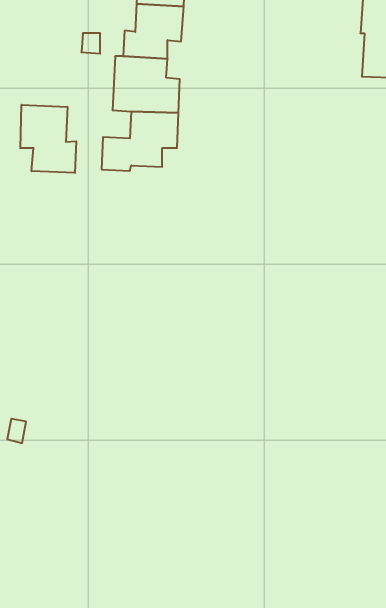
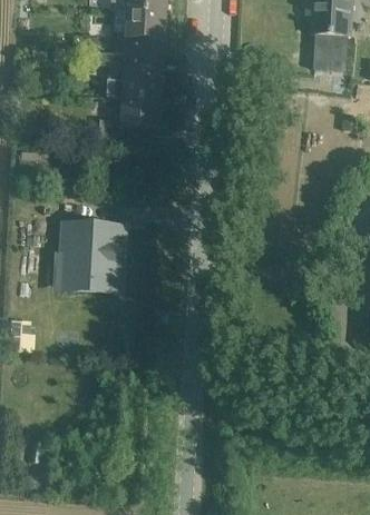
building: [20,105,76,173] -> none
building: none -> [66,228,116,283]

